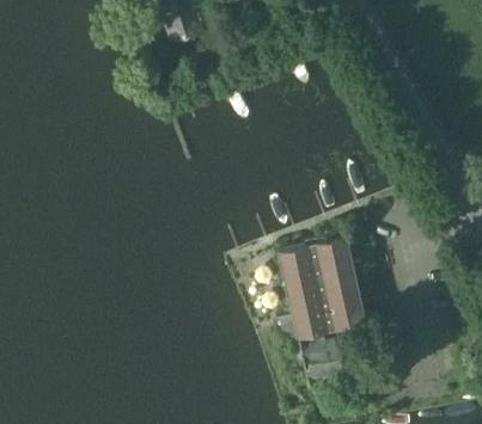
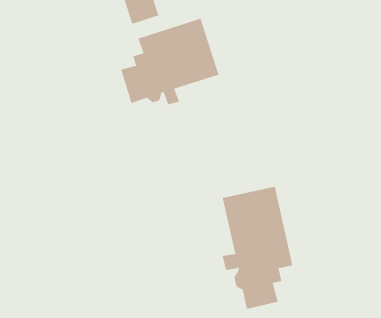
building: none -> [121,18,219,105]

